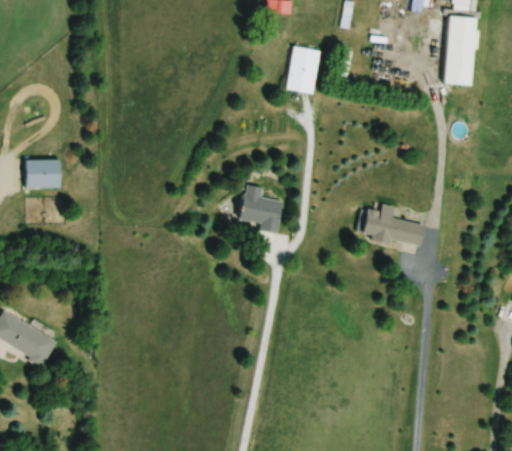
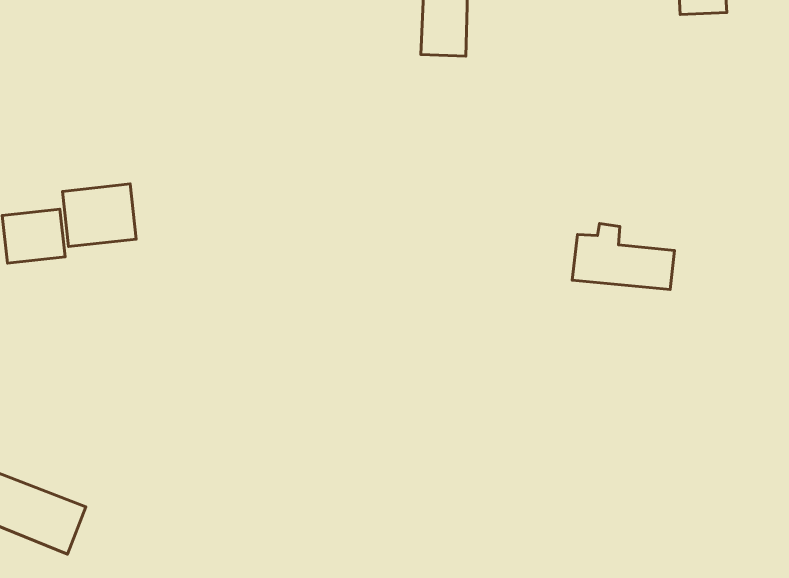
building: none -> [63,184,136,247]
building: [240,184,282,233] -> none

